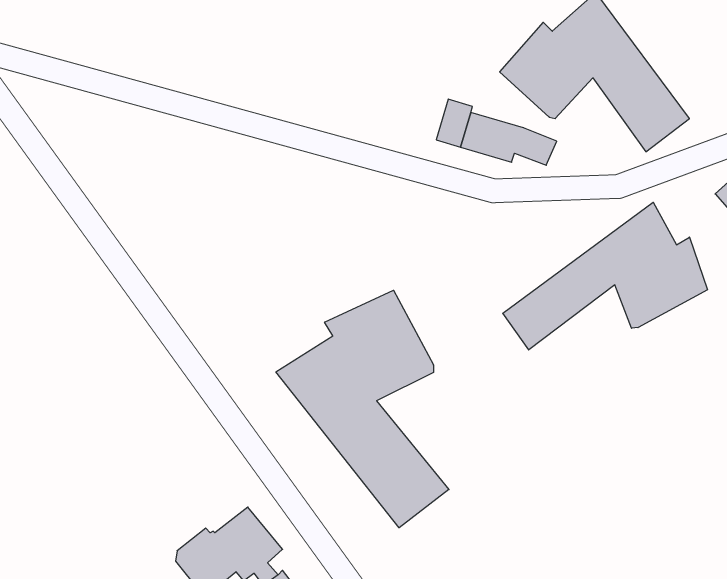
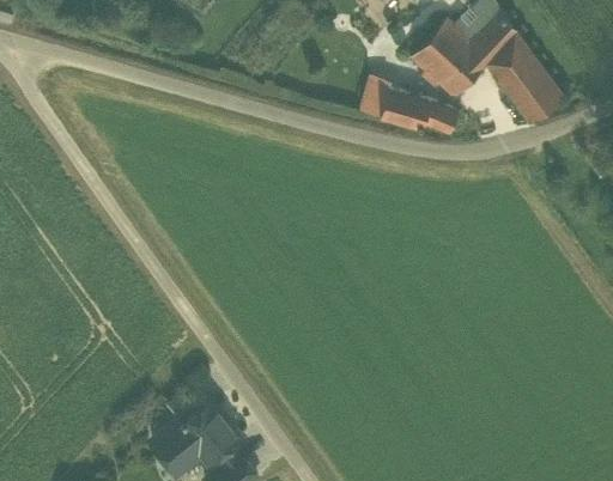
building: [503,202,708,350] -> none
building: [276,290,449,528] -> none

